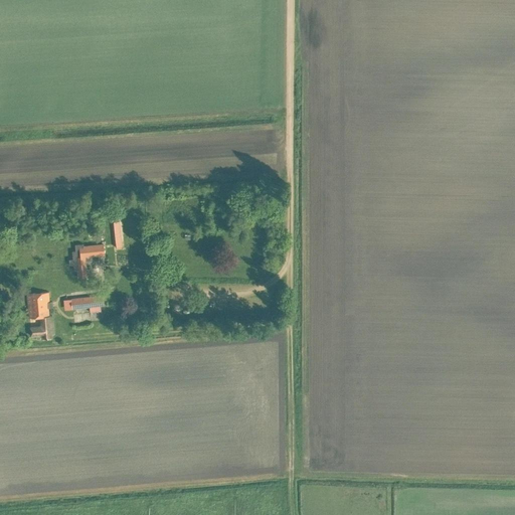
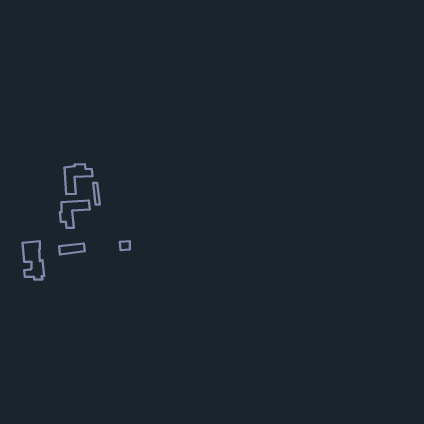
building: none -> [65,164,93,194]

